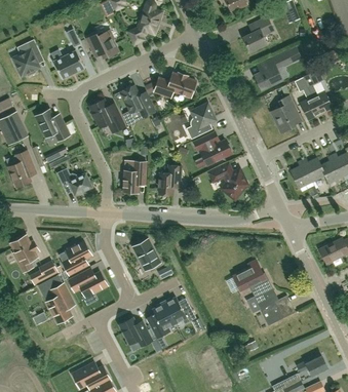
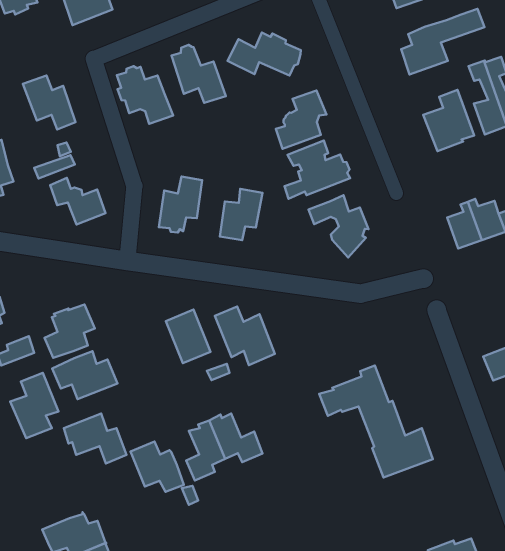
building: none -> [215,306,275,365]
building: none -> [64,414,127,463]

